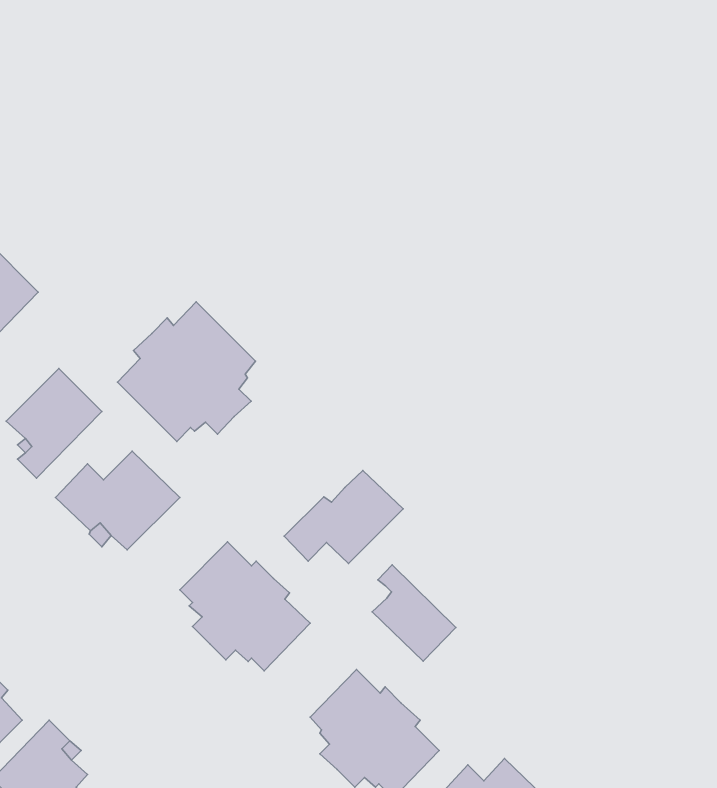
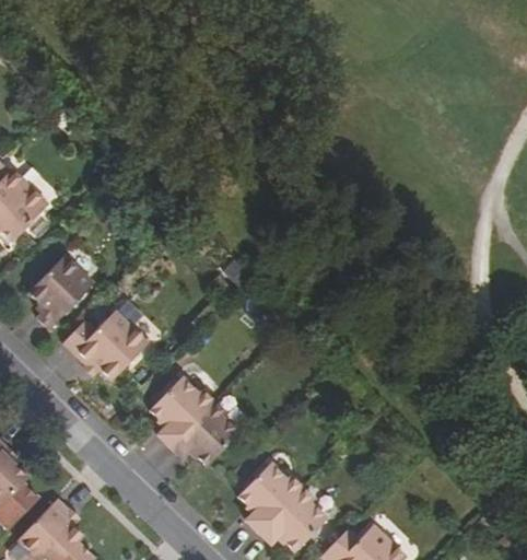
building: [117,302,256,442] -> none
building: [284,470,403,563] -> none
building: [372,565,456,661] -> none

